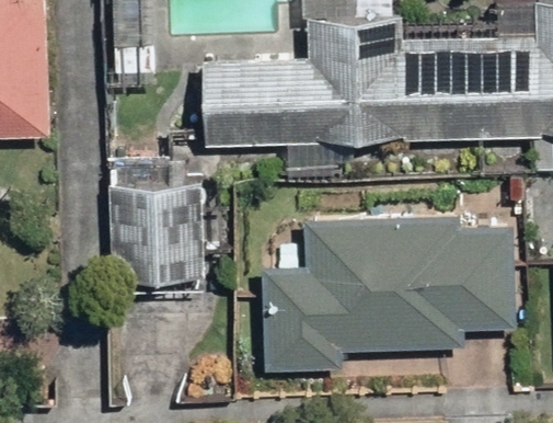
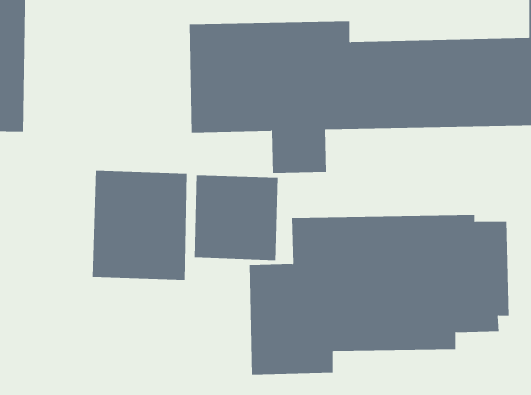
building: none -> [194,175,278,261]

